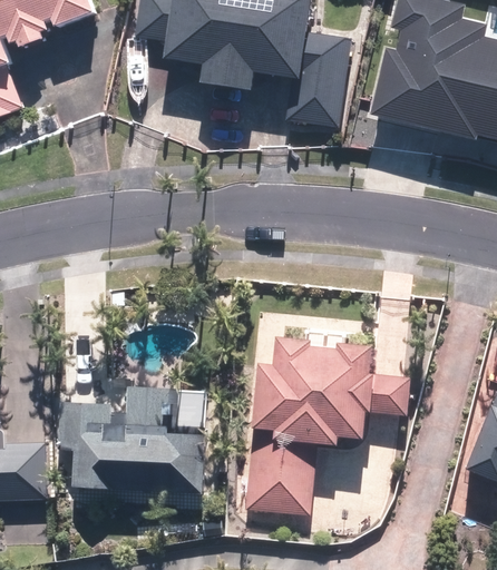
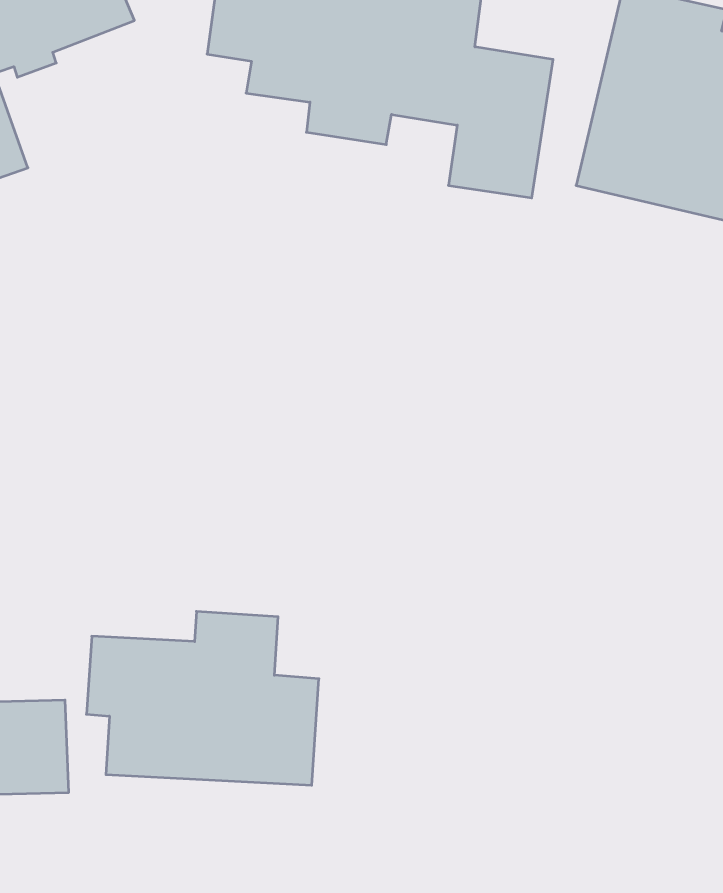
building: [247,337,411,513] -> none

